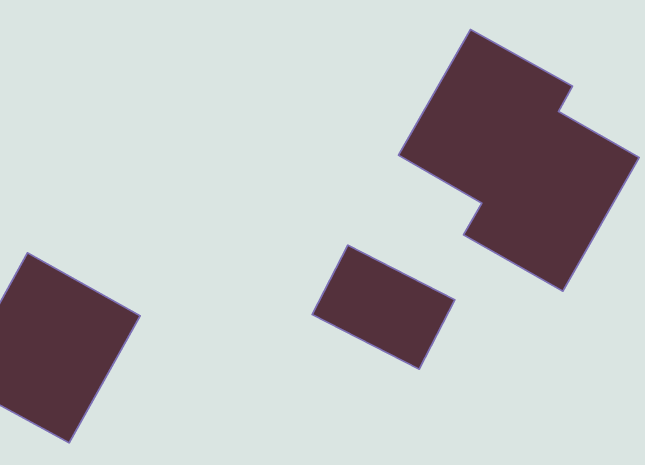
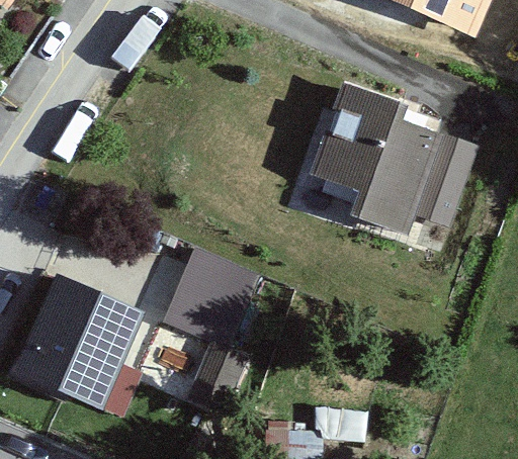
building: [312,245,455,369] -> [145,255,243,334]
building: none -> [135,320,230,403]

